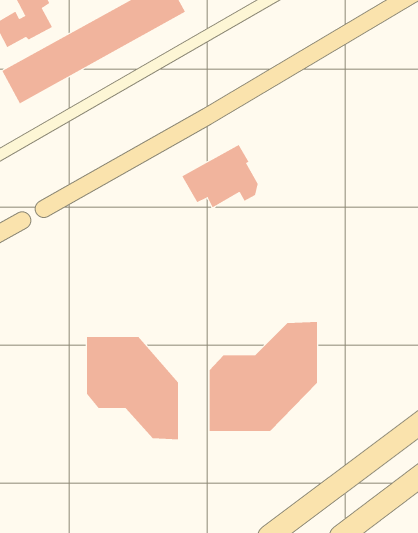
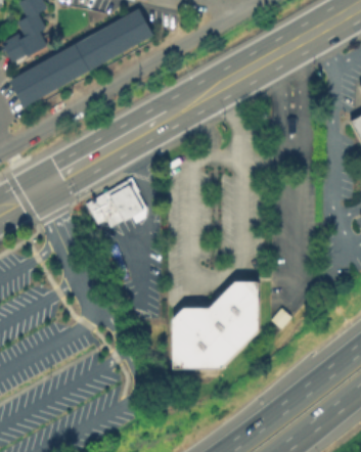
building: [182,144,258,208] -> [85,177,146,228]
building: [87,336,178,440] -> none

